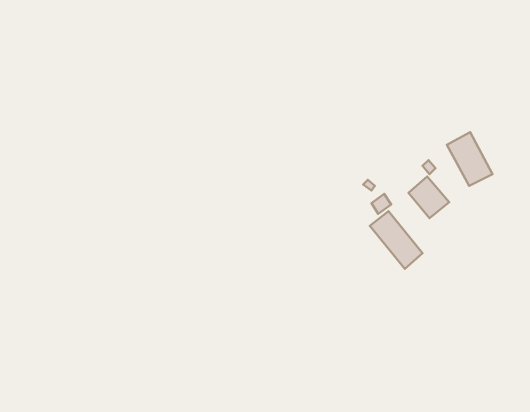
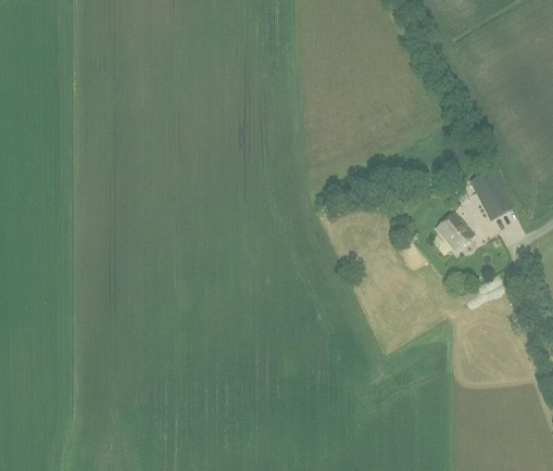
building: [370,211,423,269] -> none

